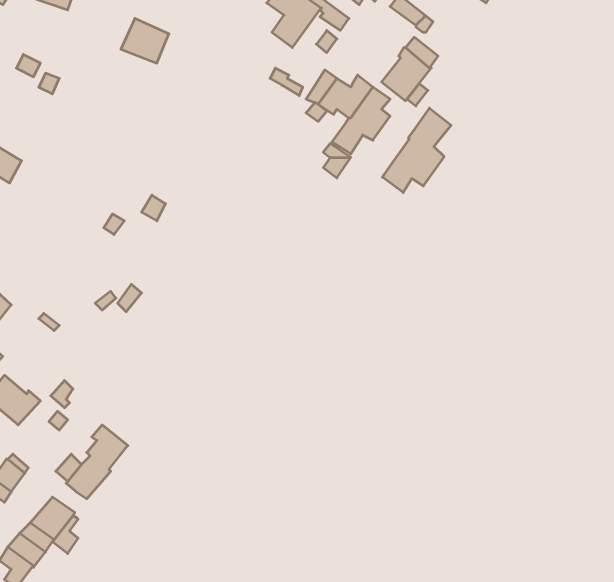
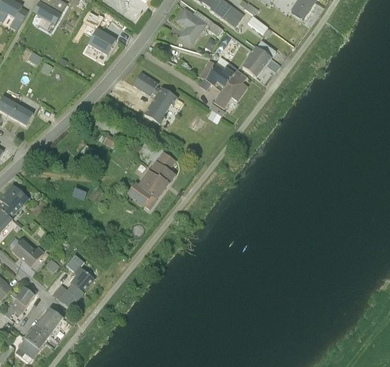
building: none -> [133,71,177,124]
building: [382,108,451,193] -> none
building: none -> [126,150,176,208]

